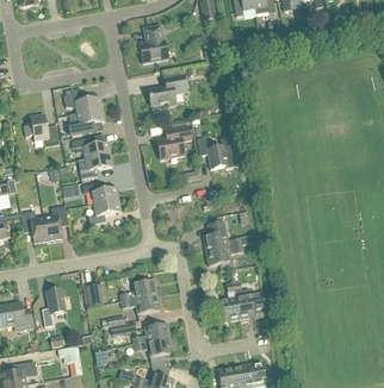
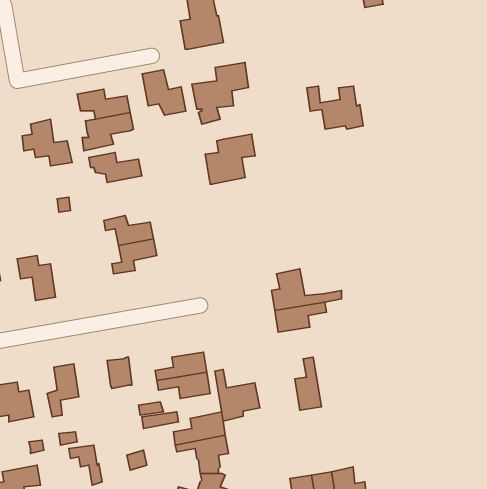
building: none -> [142,70,186,115]
building: [197,136,237,167] -> [307,86,363,129]
building: [78,152,112,177] -> none
building: [44,204,67,239] -> none
building: [233,281,265,318] -> [215,370,260,421]

